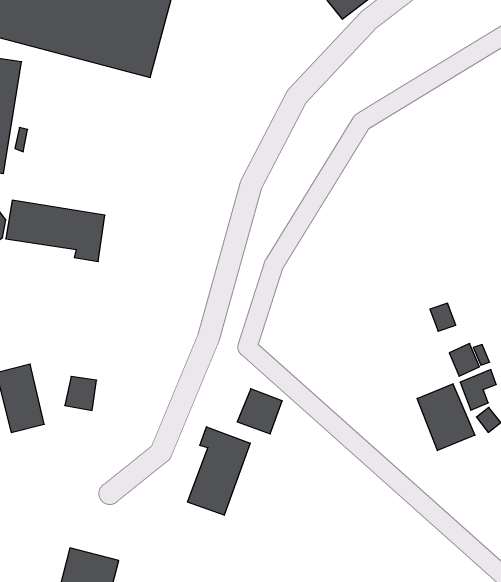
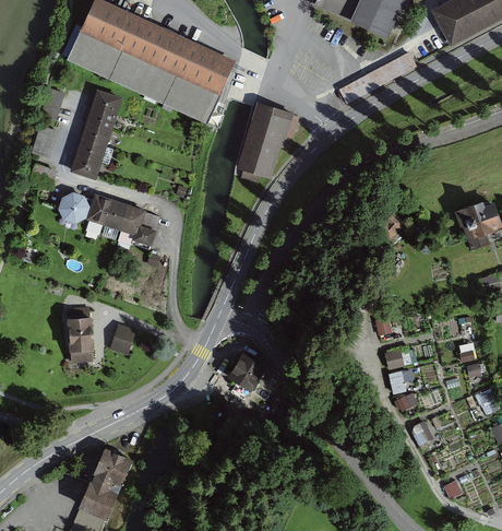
building: none -> [236,105,298,177]
building: [417,384,475,451] -> none
building: [188,427,250,515] -> none

